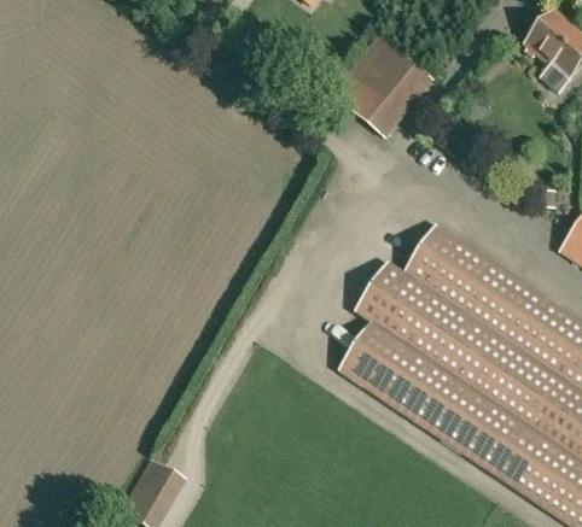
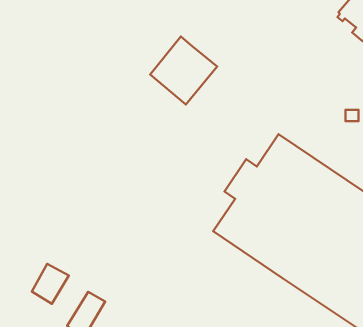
building: [328,34,429,135] -> [150,37,217,104]
building: none -> [32,264,69,304]

